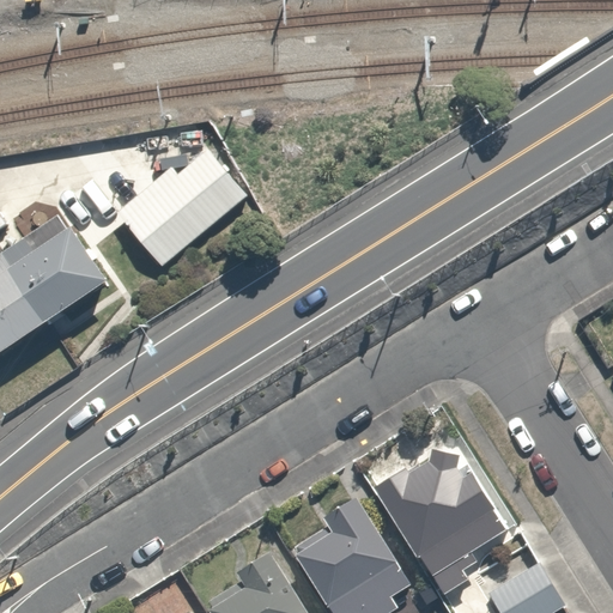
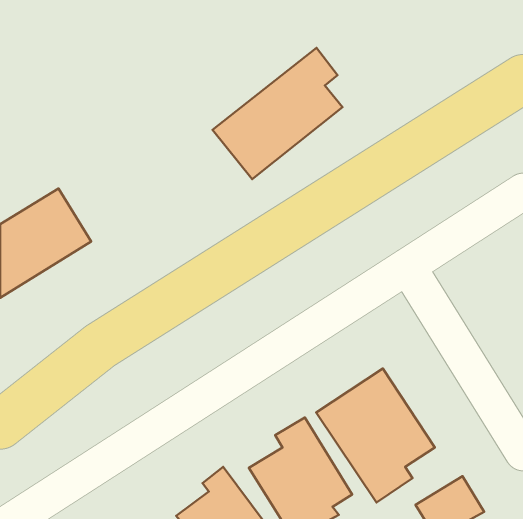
building: none -> [212,48,343,179]
building: [117,146,244,266] -> none

